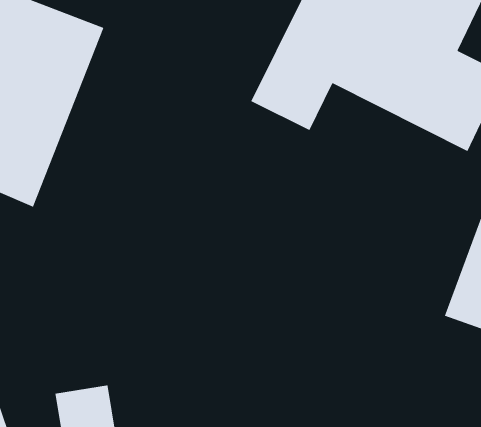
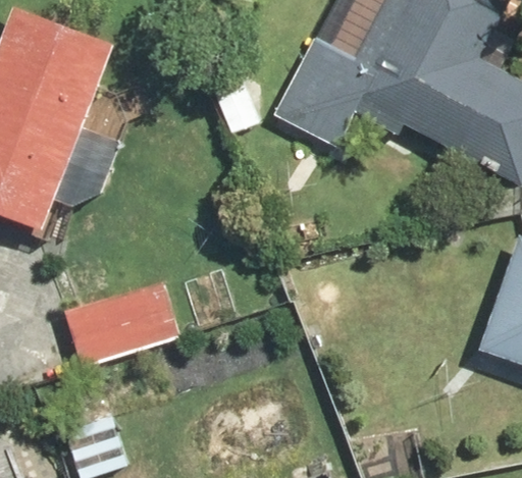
building: none -> [59,275,182,368]

